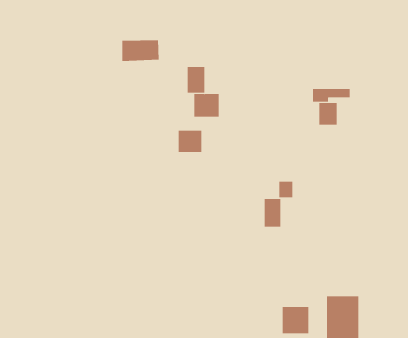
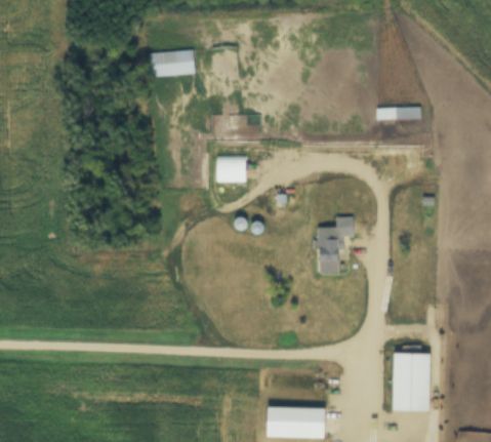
building: [187,66,205,94] -> none
building: [319,102,337,125] -> none
building: [282,306,309,334] -> none

